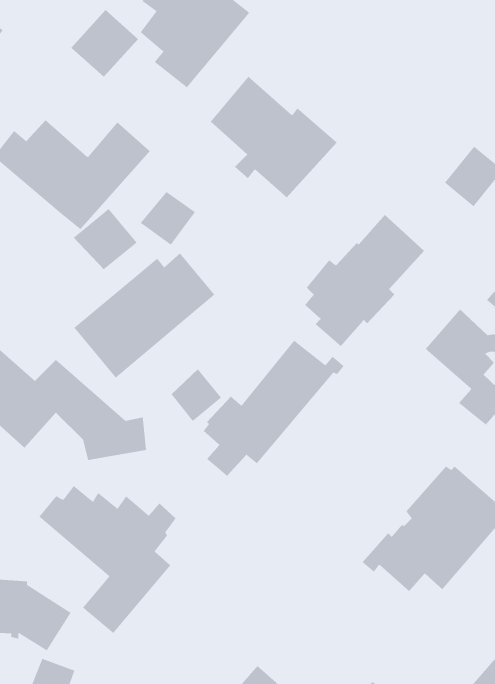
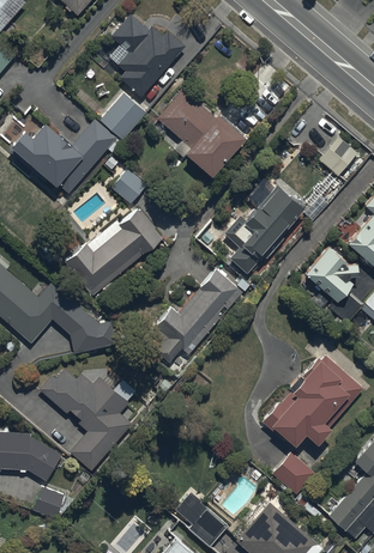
building: [70,9,139,77] -> [99,92,146,139]
building: [73,208,138,270] -> none
building: [171,369,222,422] -> none
building: none -> [271,450,315,494]

